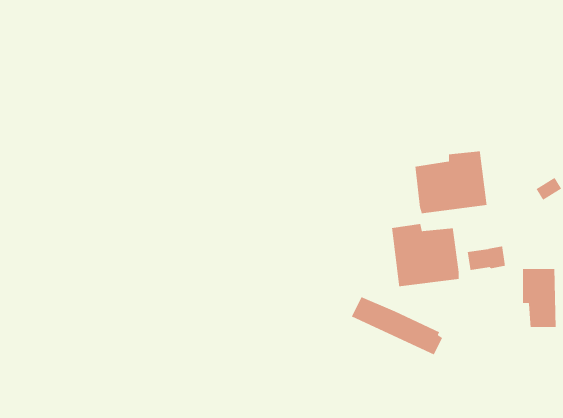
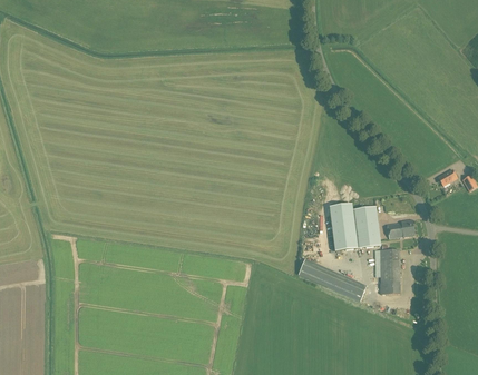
building: [415,151,488,214] -> none
building: [522,268,557,328] -> [374,249,400,294]

